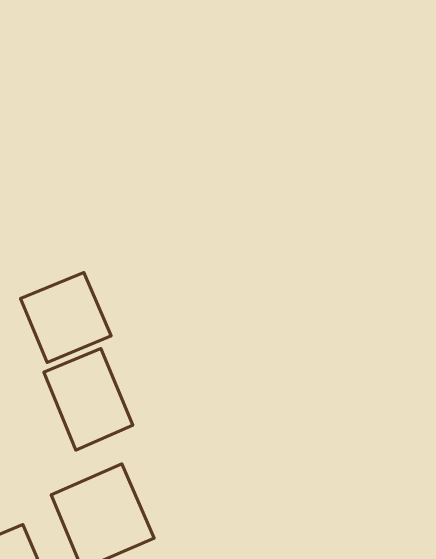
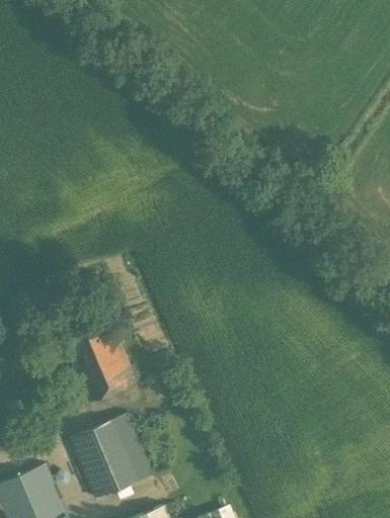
building: [21,273,111,363] -> none

